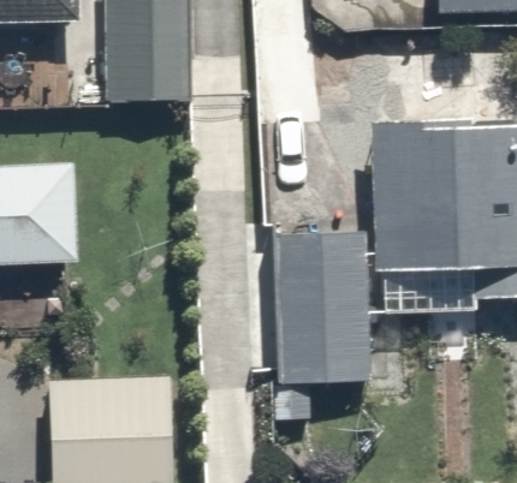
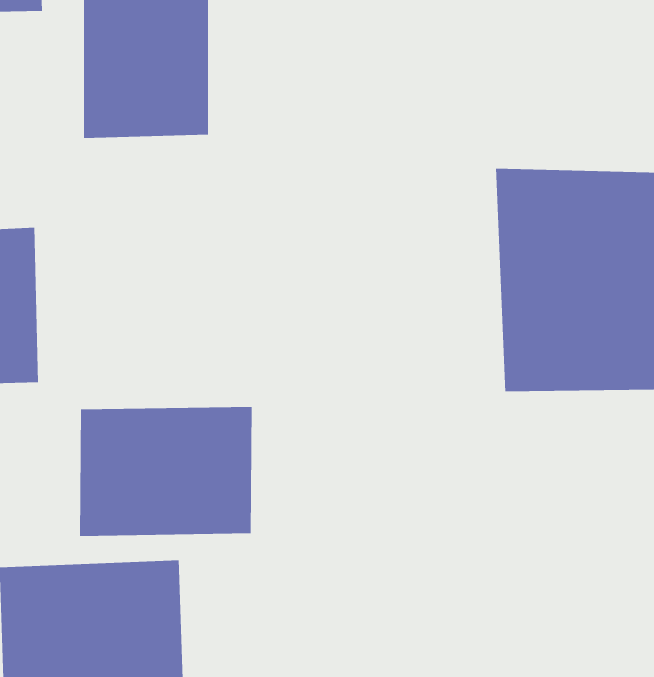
building: [277,235,373,382] -> none
building: none -> [79,406,252,537]

